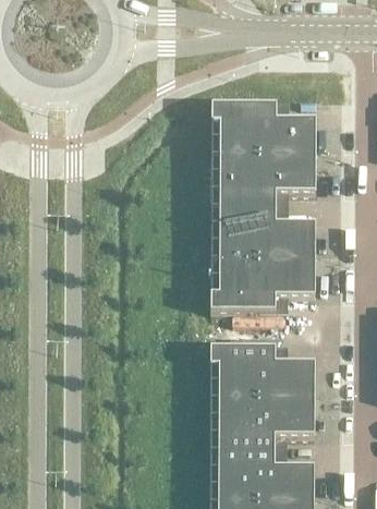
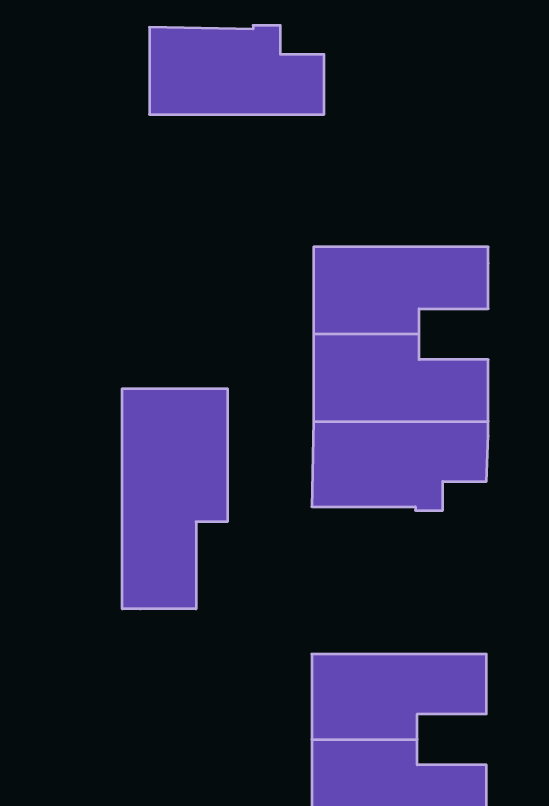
building: [211,99,316,153] -> [149,25,324,114]
building: none -> [122,389,227,609]
building: [210,342,315,397] -> none

